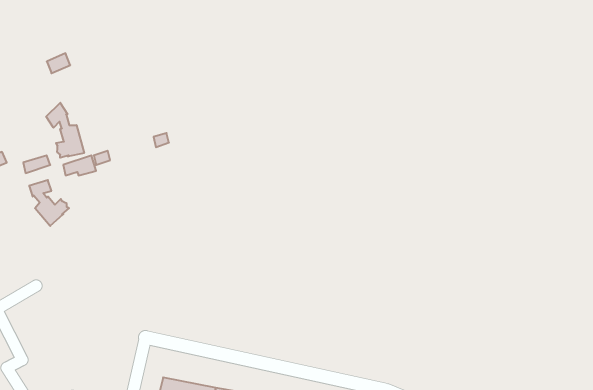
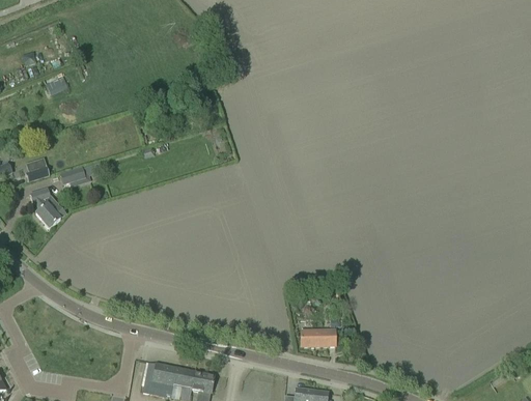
building: [46,103,84,158] -> none
building: none -> [300,328,335,346]

